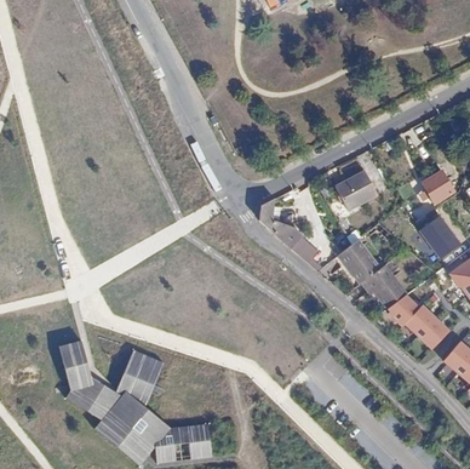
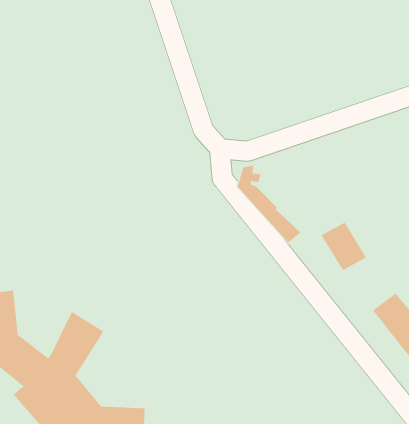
building: [338,170,379,208] -> none
building: [363,265,405,309] -> none

